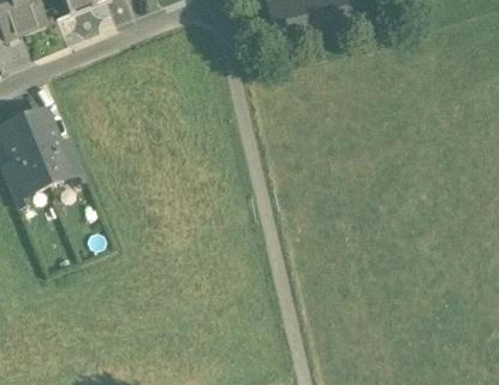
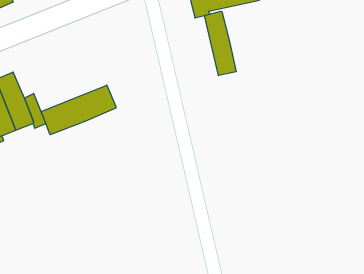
building: none -> [205,11,236,76]
building: none -> [41,85,116,135]

